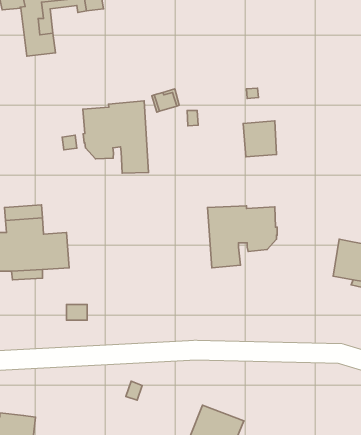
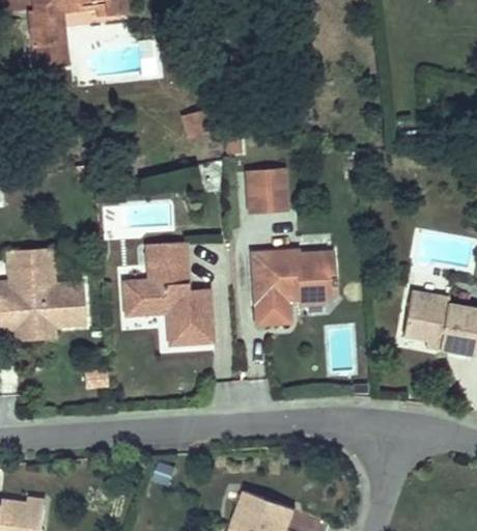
building: [83,101,148,173] -> none
building: [243,121,277,157] -> [246,169,286,213]
building: none -> [123,242,212,344]

